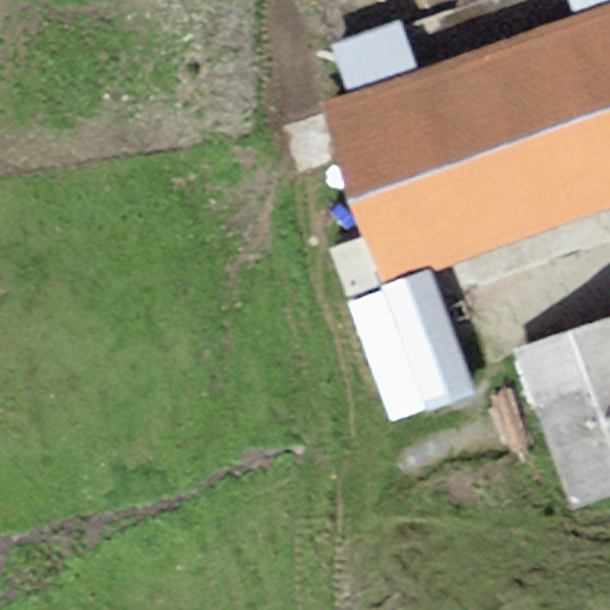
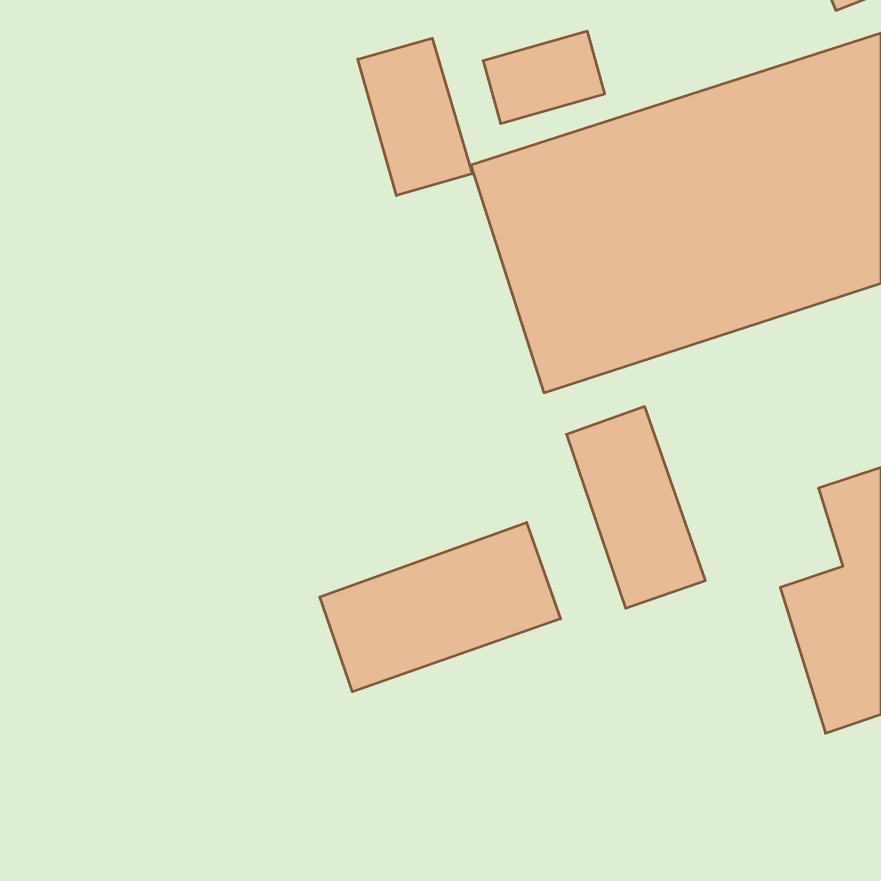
building: none -> [358,38,472,196]
building: none -> [320,522,561,692]

